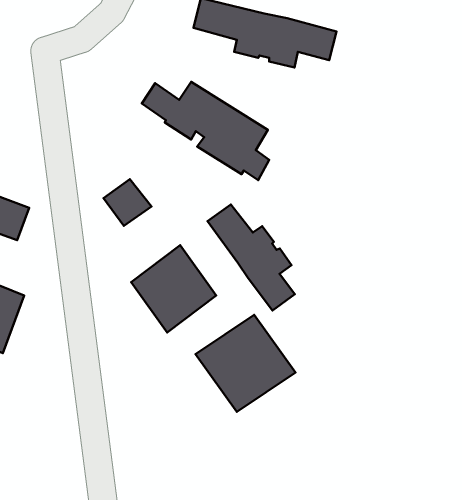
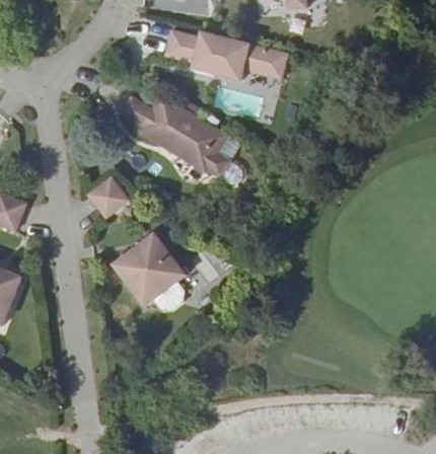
building: [208,204,295,310] -> none
building: [196,315,296,412] -> none

